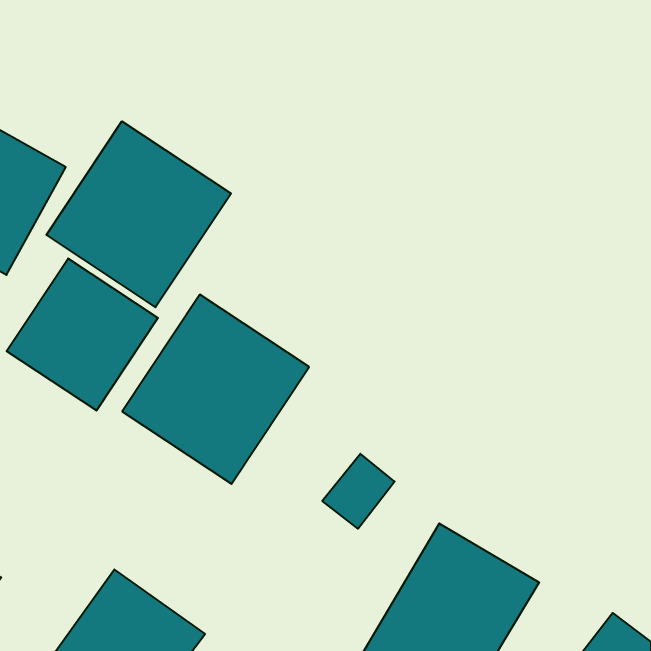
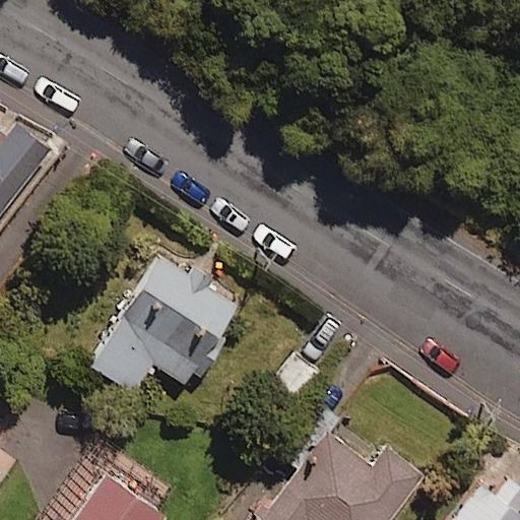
building: [46,121,231,307] -> none
building: [7,258,158,411] -> none

